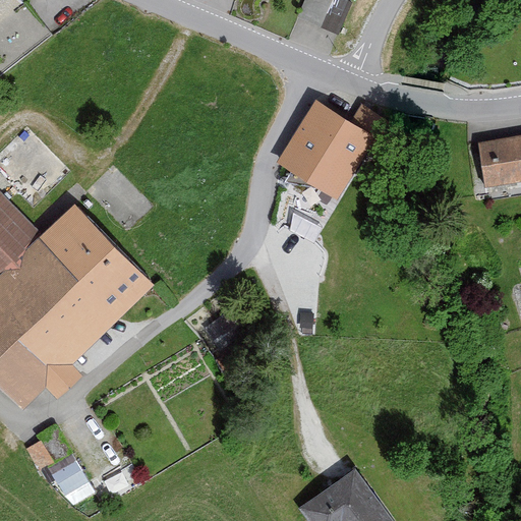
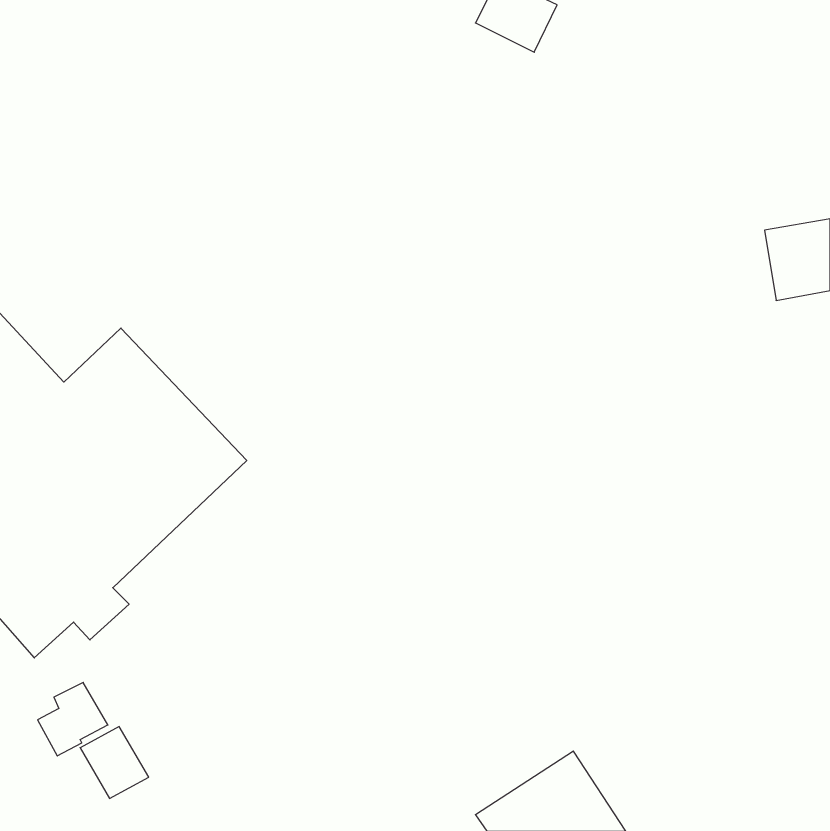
building: [278,102,373,198] -> none

